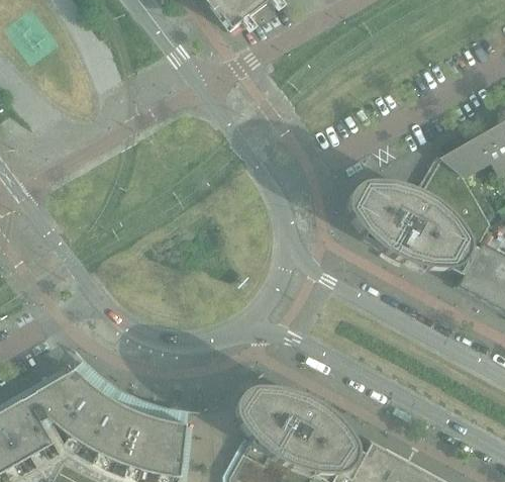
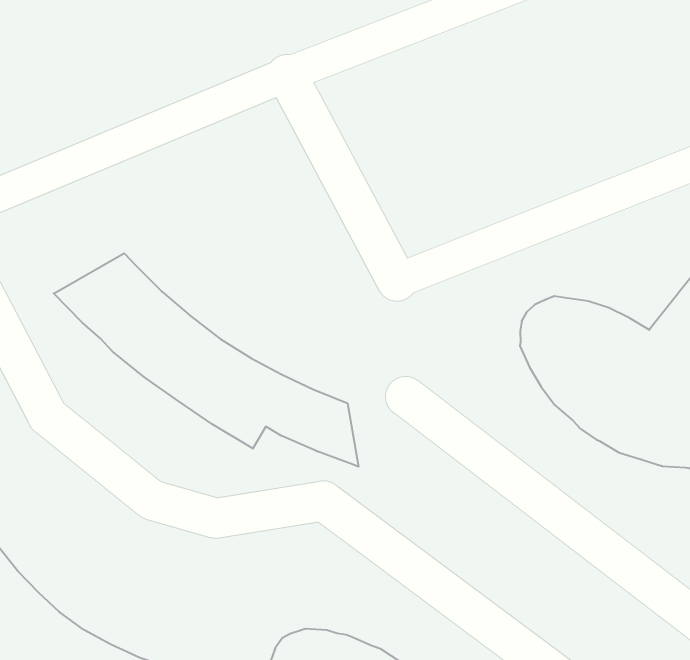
building: none -> [54,253,358,467]

